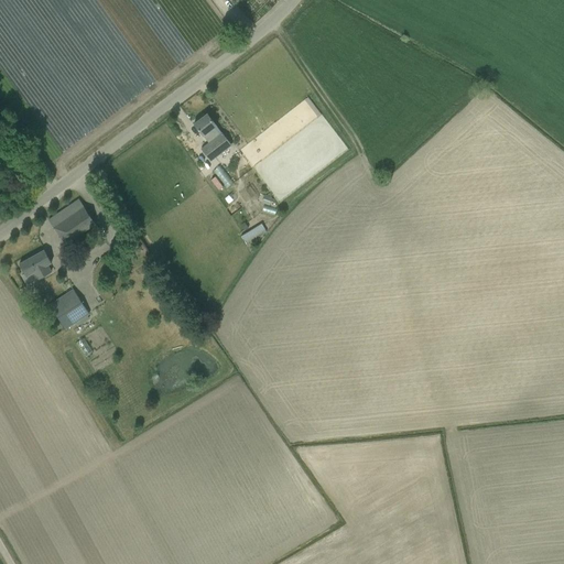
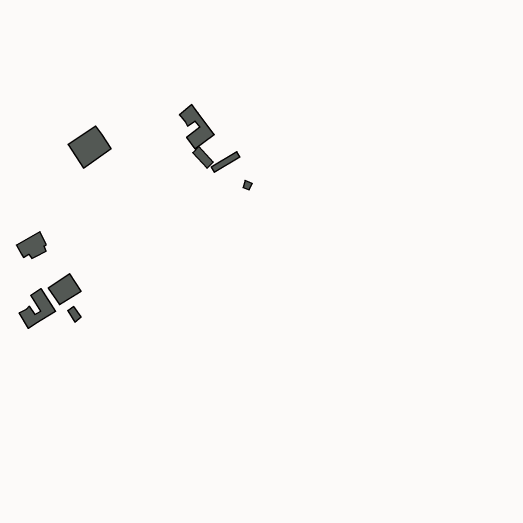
building: [47,198,94,243] -> [68,126,111,168]
building: none -> [19,289,56,328]

